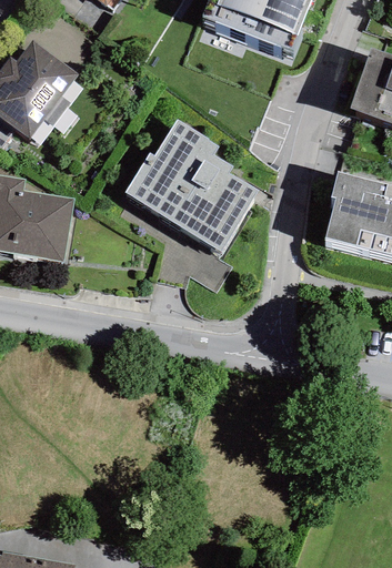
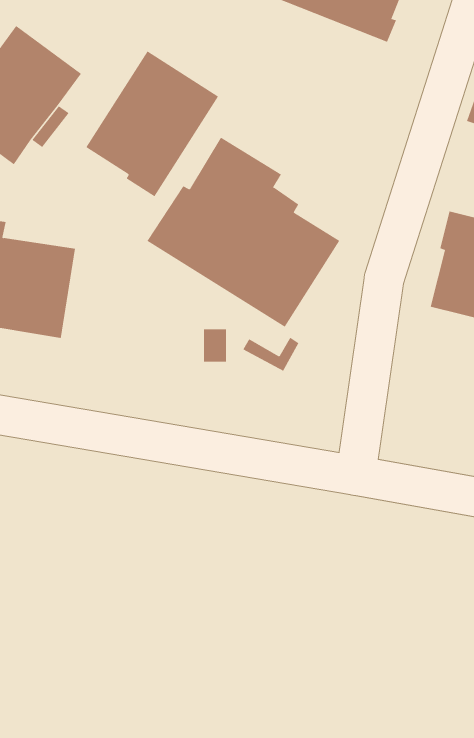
building: none -> [85,51,219,197]

